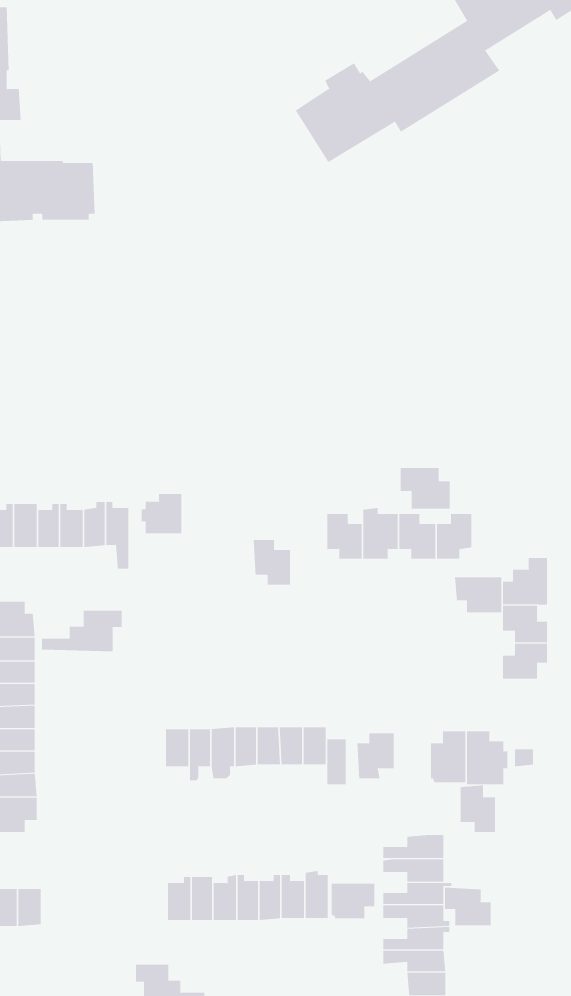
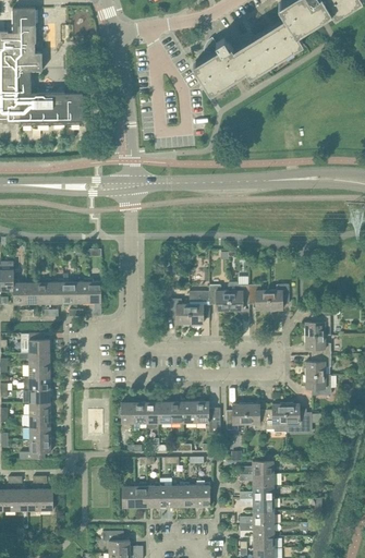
building: [400,467,450,510] -> none
building: [141,493,182,534] -> none
building: none -> [190,291,209,325]
building: [454,577,502,613] -> [305,376,331,396]
building: [41,610,122,652] -> none
building: [460,785,496,833] -> [246,404,266,430]
building: [331,883,375,919] -> none
building: [445,887,491,926] -> none

